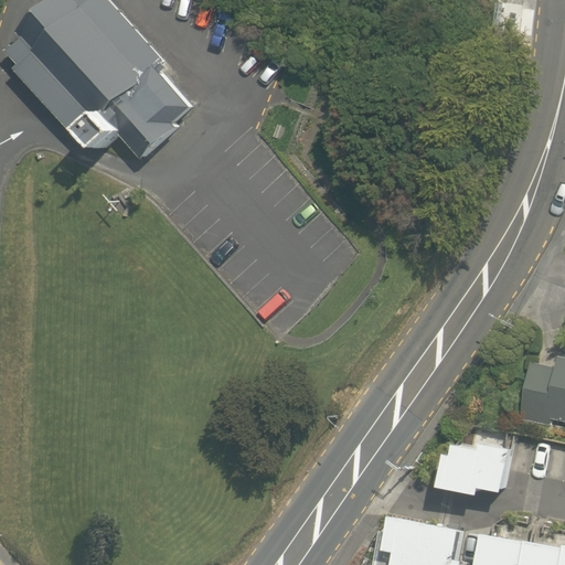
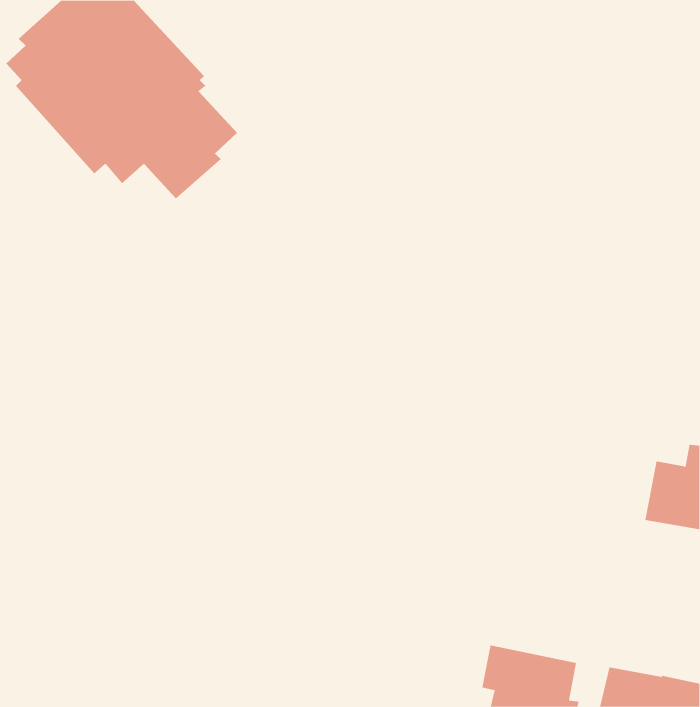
building: [438,443,510,494] -> none

